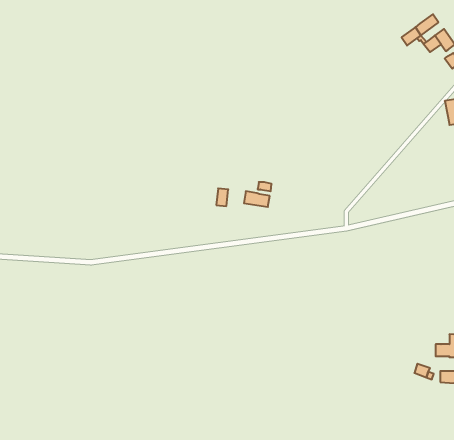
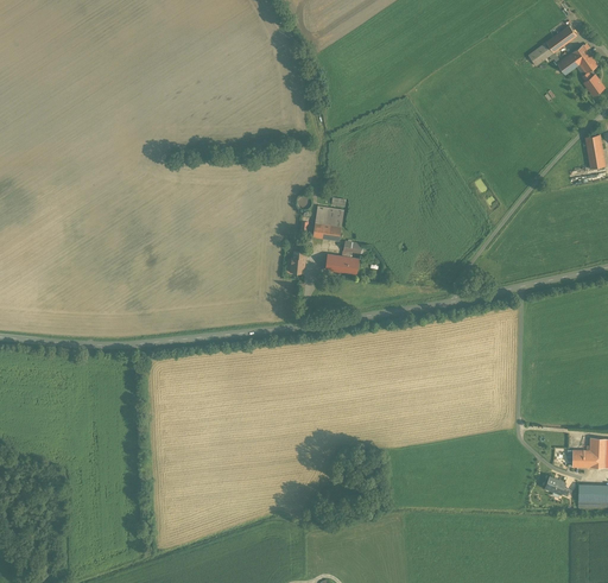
building: none -> [312,207,344,241]

